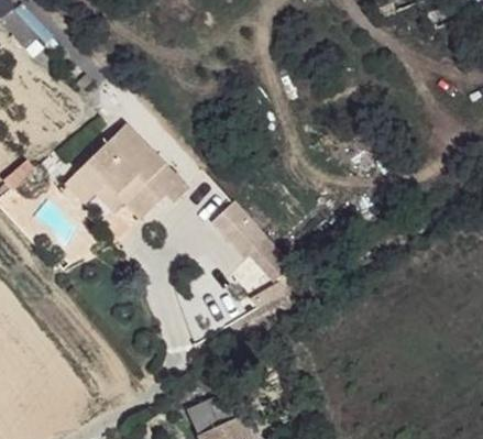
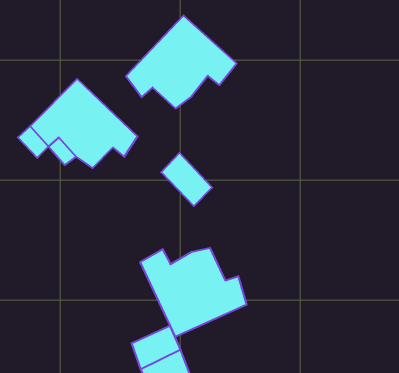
building: none -> [126,15,237,108]
building: none -> [140,248,246,337]

